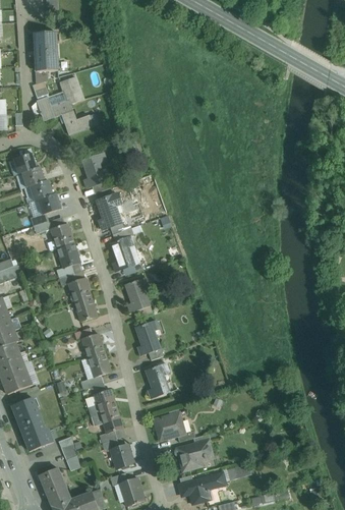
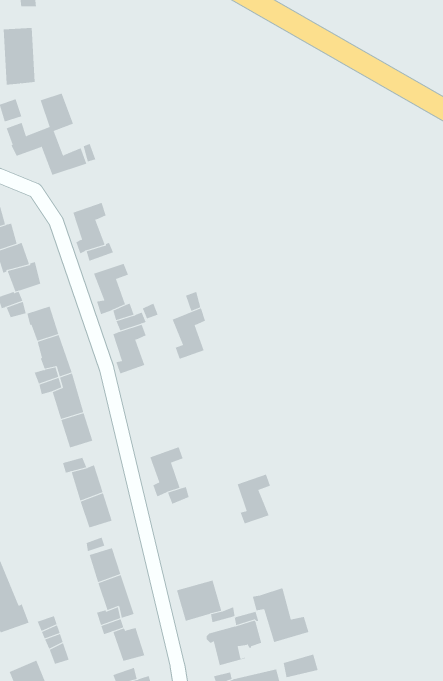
building: [124,277,148,313] -> [172,308,206,359]
building: [146,363,169,398] -> [237,474,271,524]
building: none -> [252,587,309,643]

